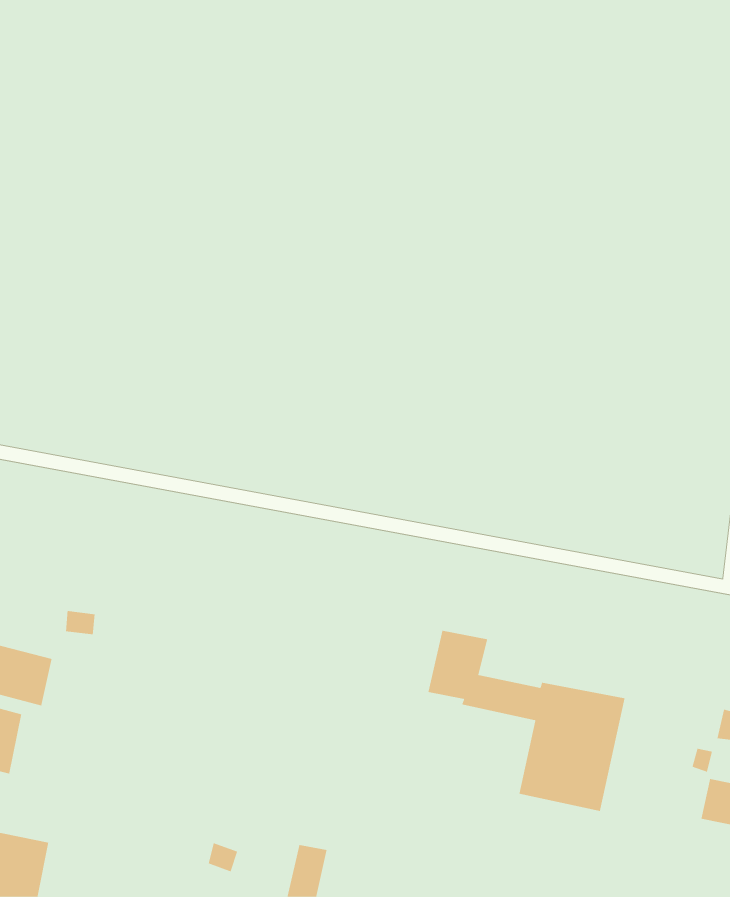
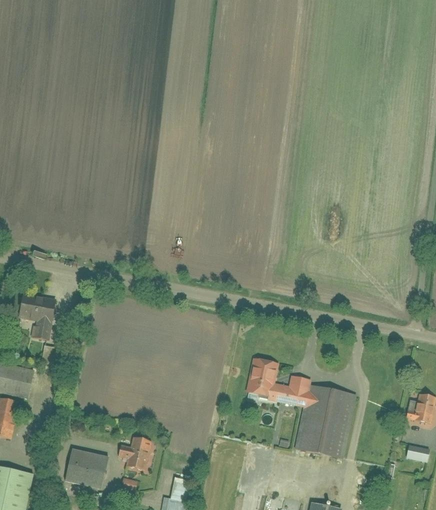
building: none -> [20,290,55,338]
building: none -> [114,438,153,472]
building: none -> [69,449,108,488]

